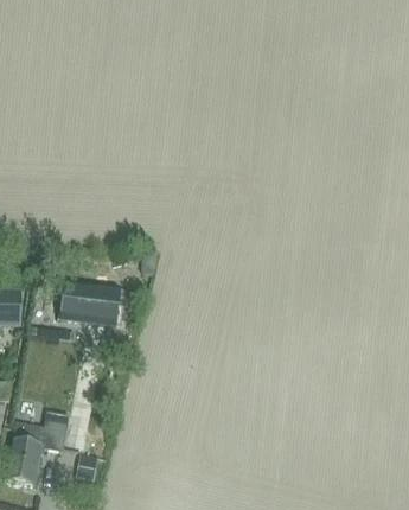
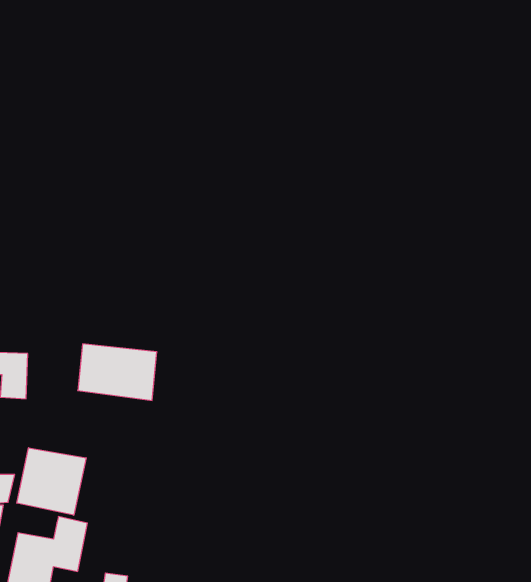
building: none -> [17,448,86,515]

